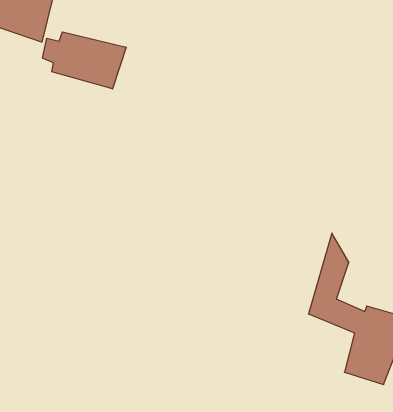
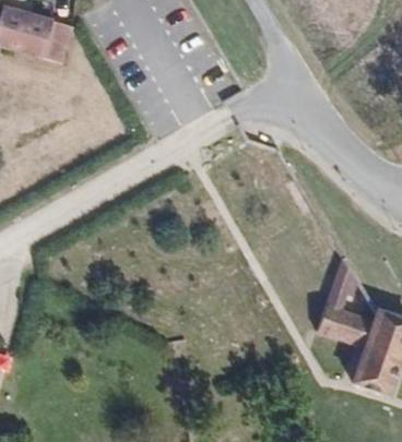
building: [43,32,126,89] -> none

